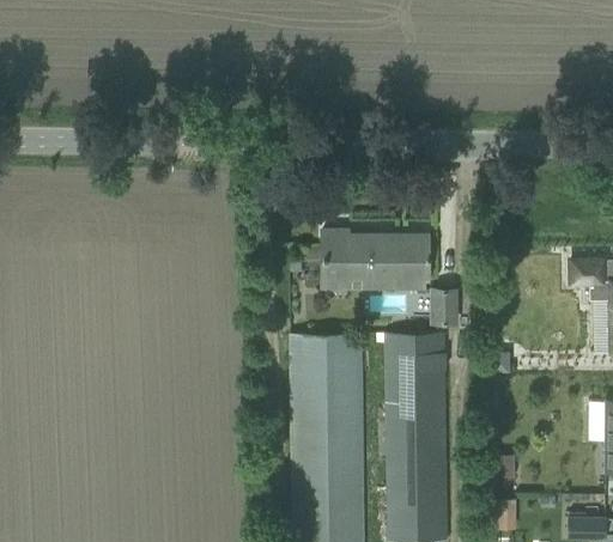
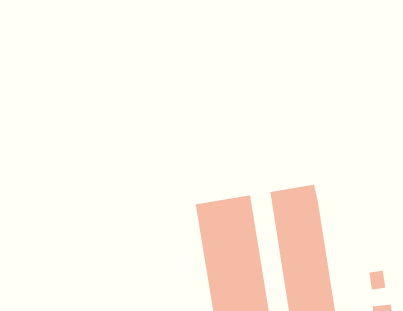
building: [323,231,427,279] -> none
building: [435,291,456,323] -> none

